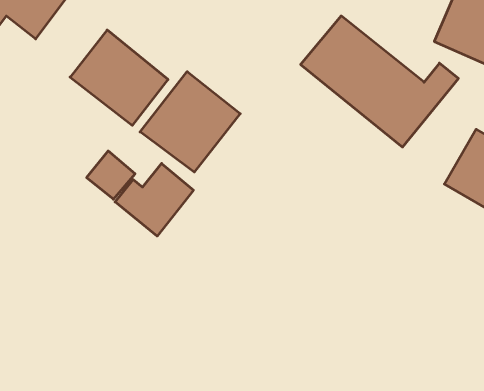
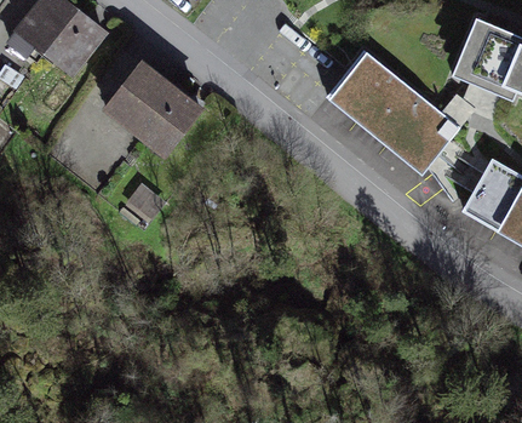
building: [140,72,240,172] -> none
building: [115,163,193,236] -> none

